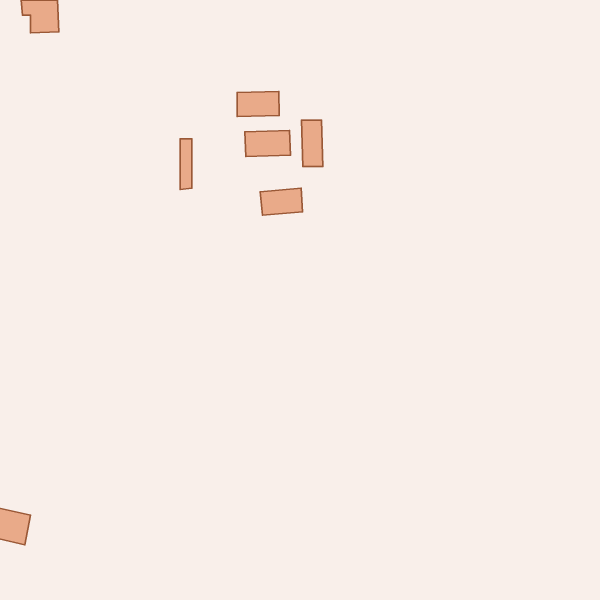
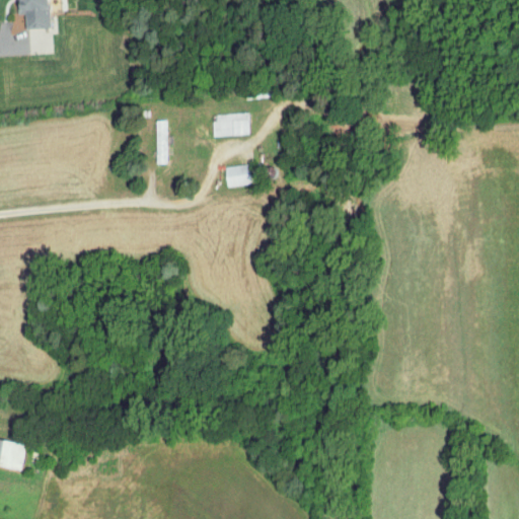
building: [237,91,279,117] -> none
building: [302,120,323,166] -> none

